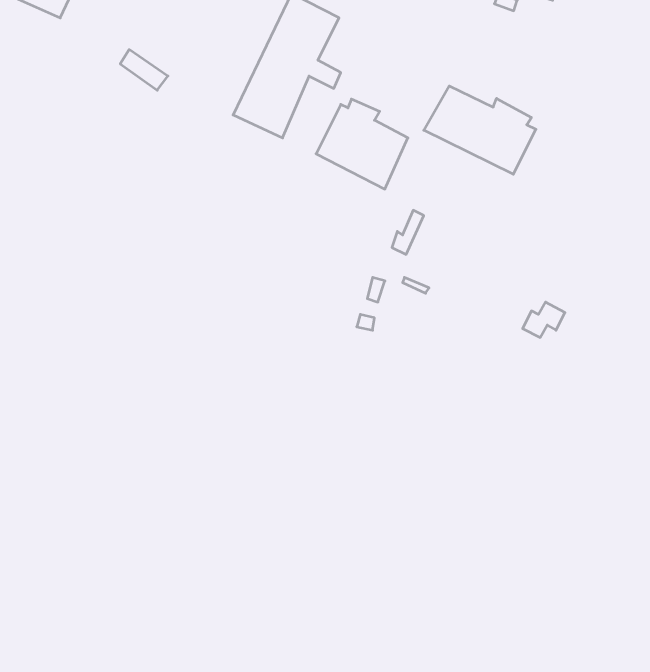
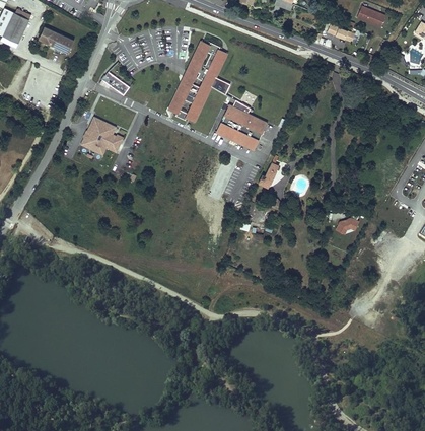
building: [424,86,536,174] -> none
building: none -> [78,117,123,156]

